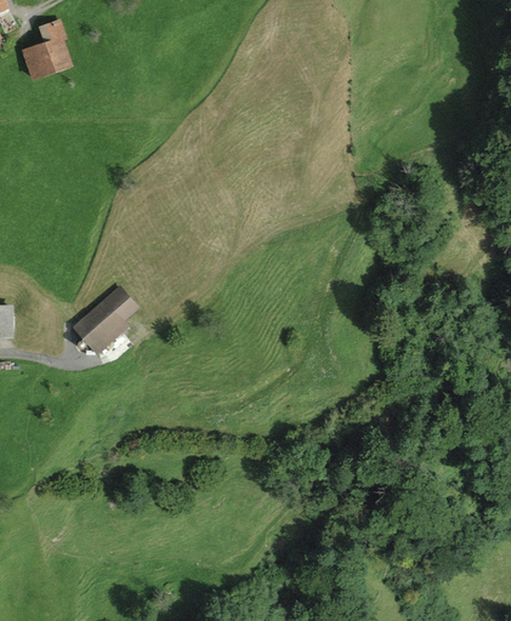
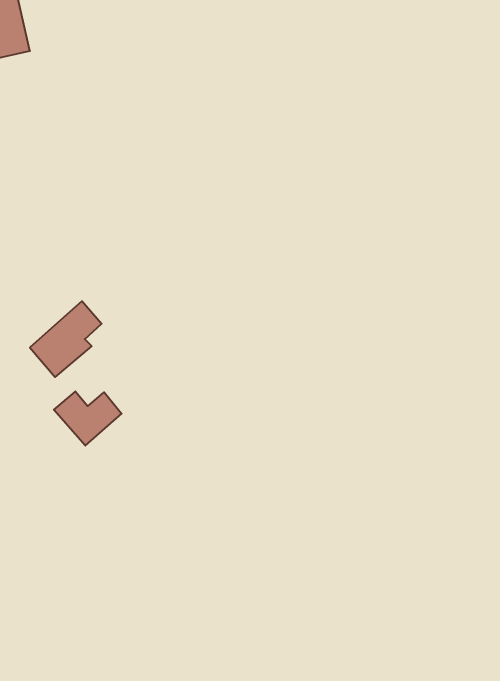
building: none -> [54,391,122,446]

